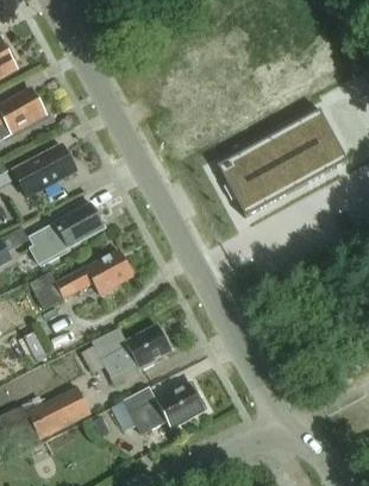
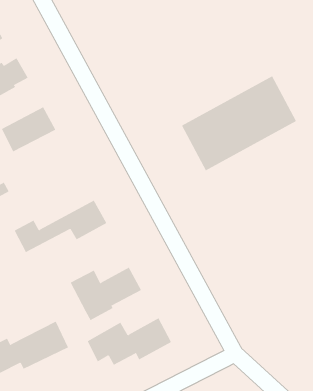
building: [29,203,106,265] -> none

